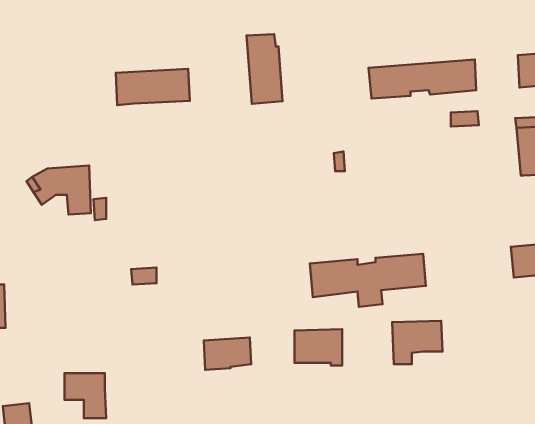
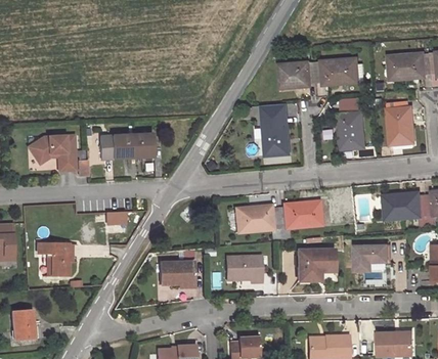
building: [246,34,283,104] -> [262,103,289,154]
building: [116,69,190,105] -> [99,133,154,160]
building: none -> [339,111,364,148]
building: none -> [353,244,386,270]
building: [64,373,106,418] -> [38,242,69,275]

